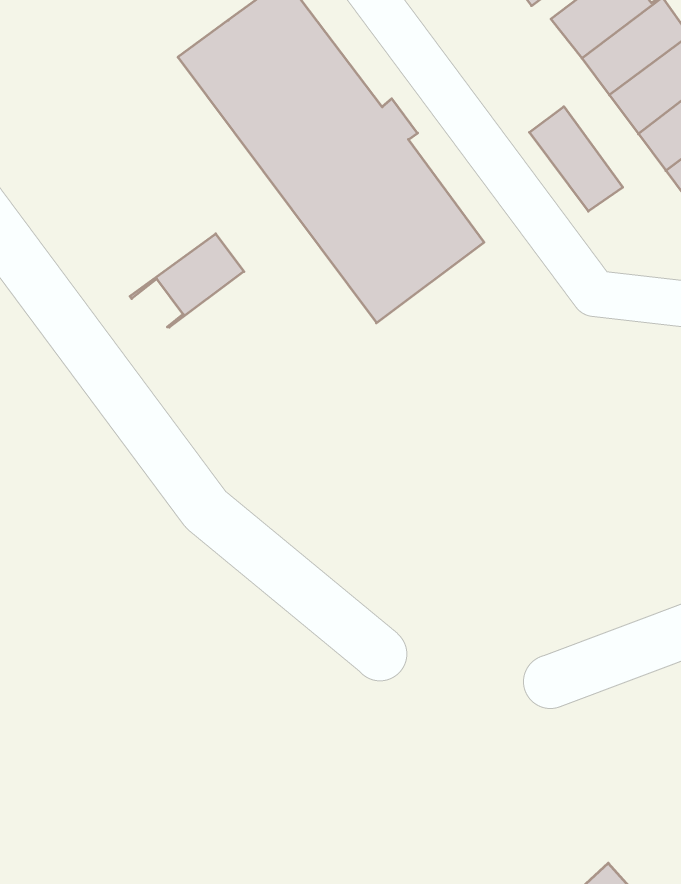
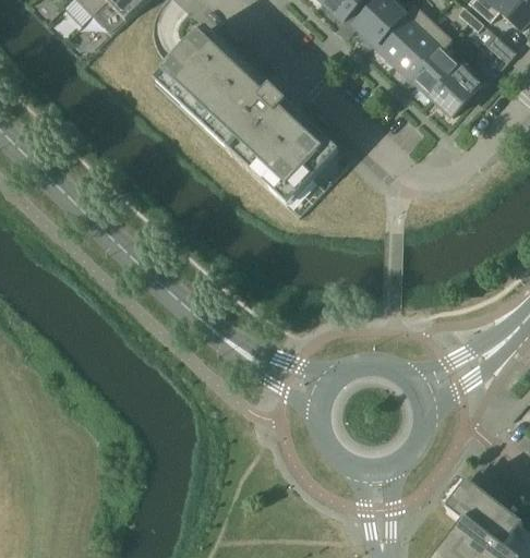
building: [529,107,623,211] -> none
building: [130,234,244,327] -> none

